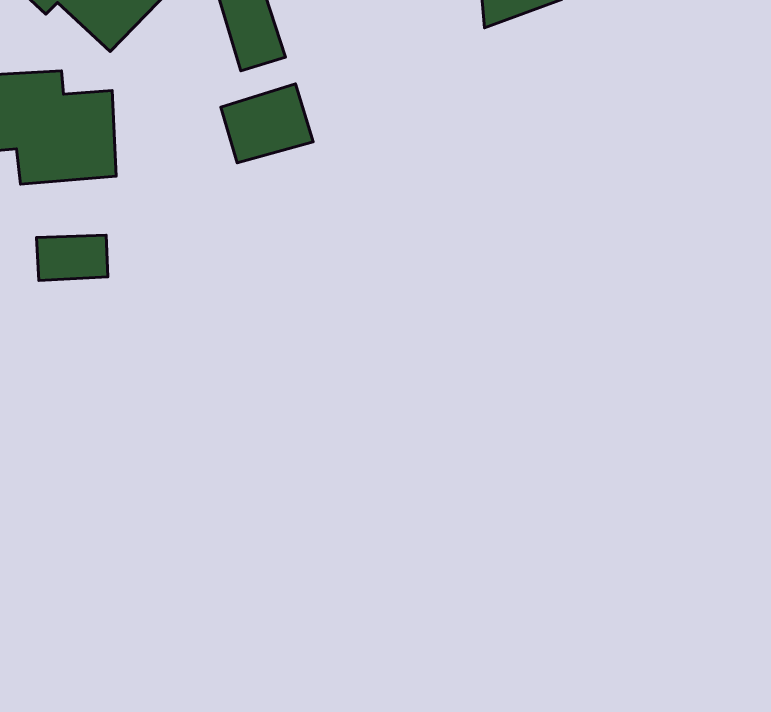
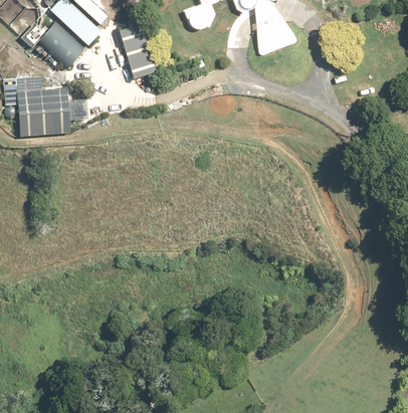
building: [221,84,313,163] -> none
building: [37,235,108,281] -> none

